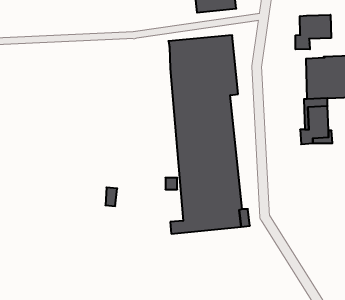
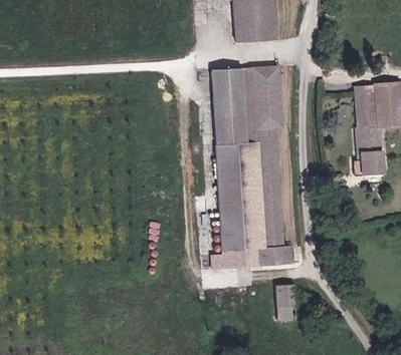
building: [296,15,331,49] -> none
building: none -> [275,284,295,319]

